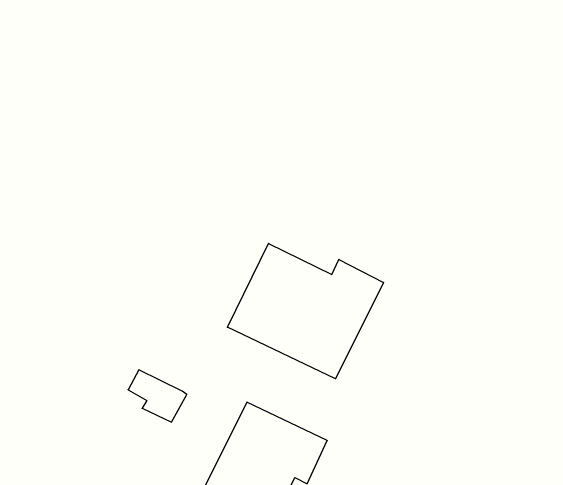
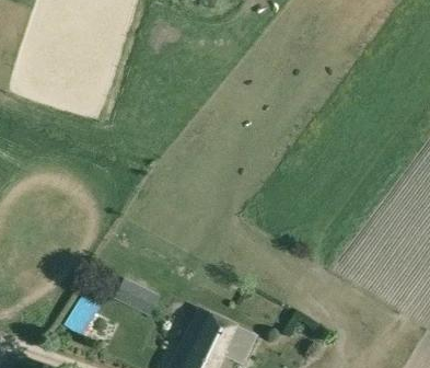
building: [227,243,383,379] -> none

